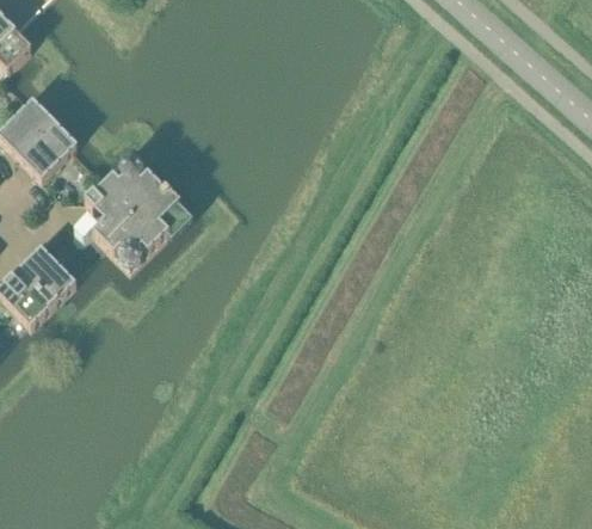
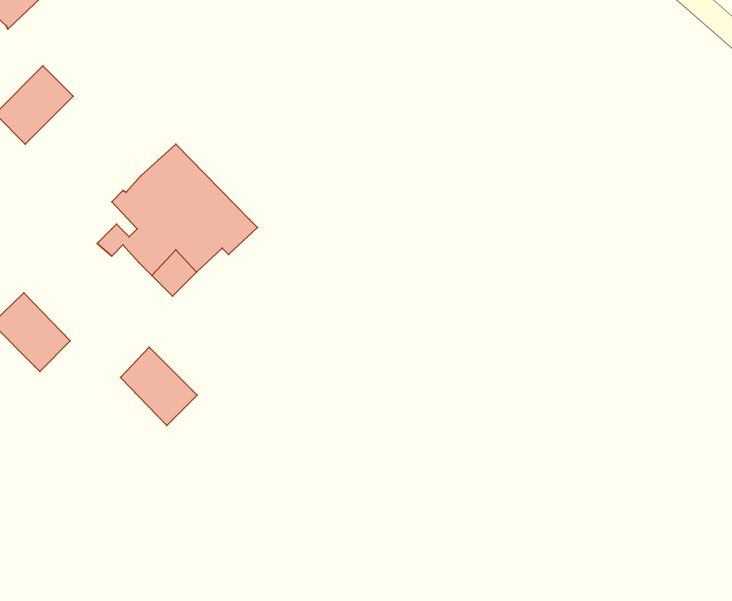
building: [20,119,78,178] -> none
building: [19,244,76,302] -> [120,347,197,426]

